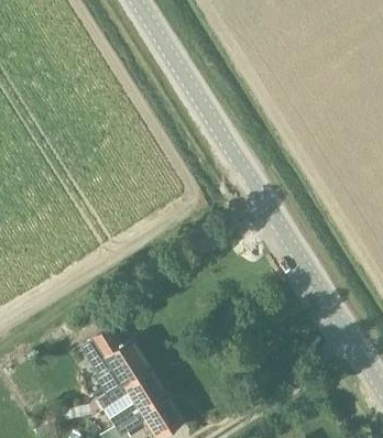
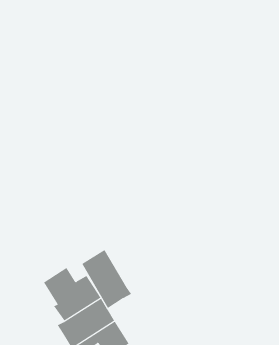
building: none -> [82,249,132,309]

